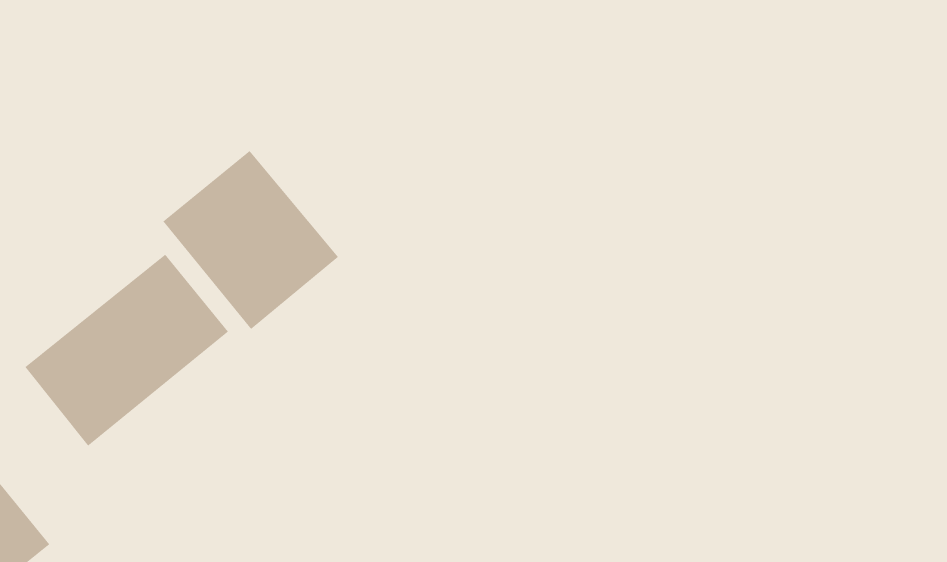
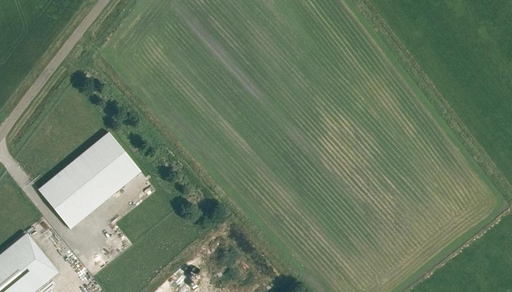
building: [162,150,339,330] -> none

